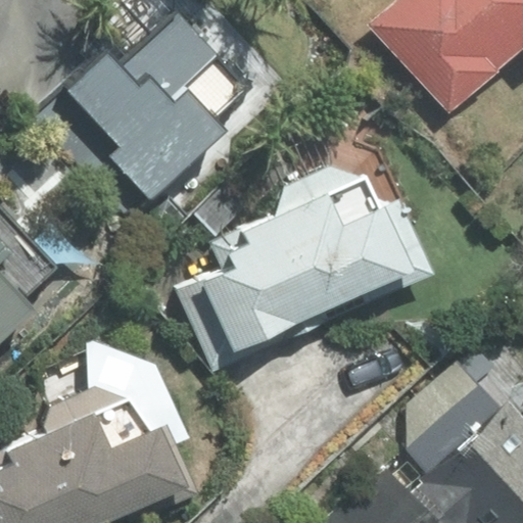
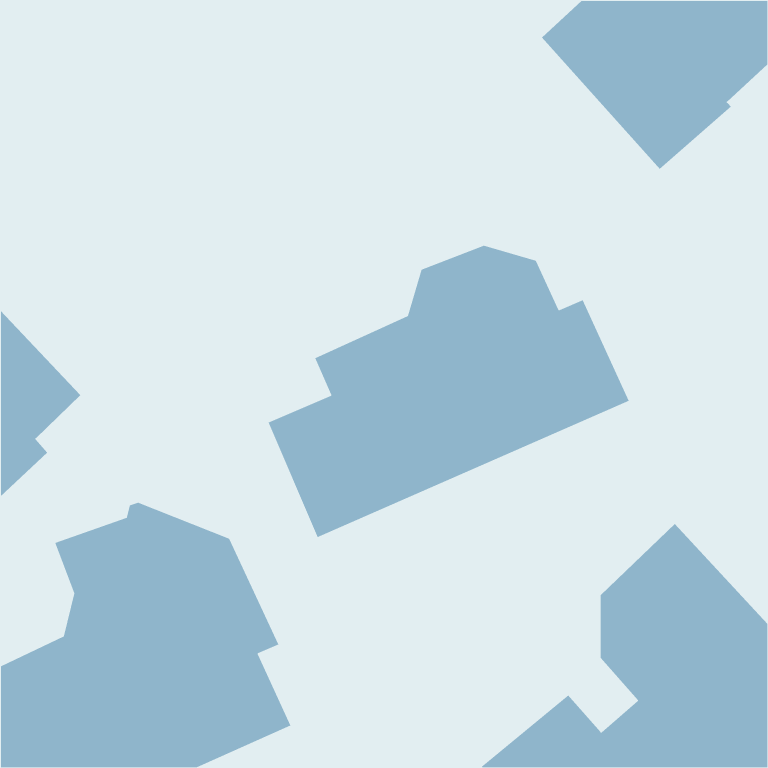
building: [38,13,245,213] -> none

